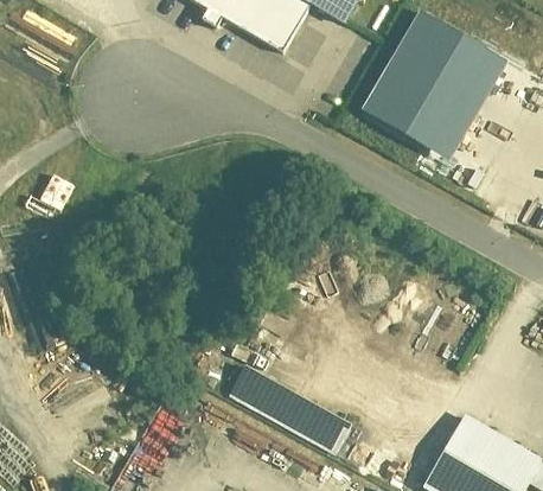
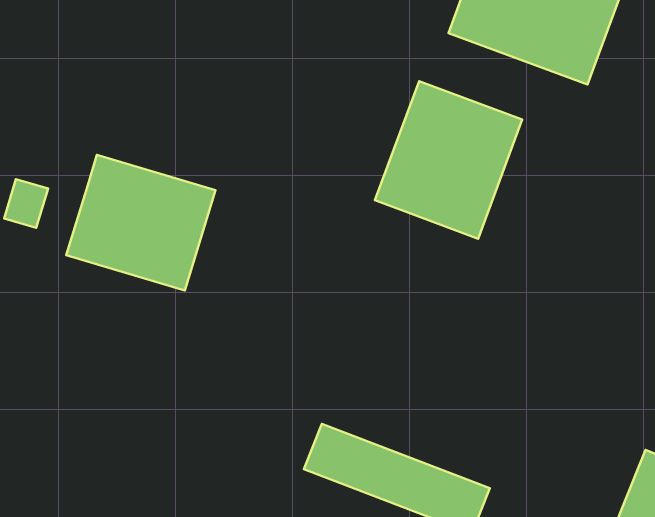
building: none -> [375,81,522,239]
building: none -> [66,155,215,291]

